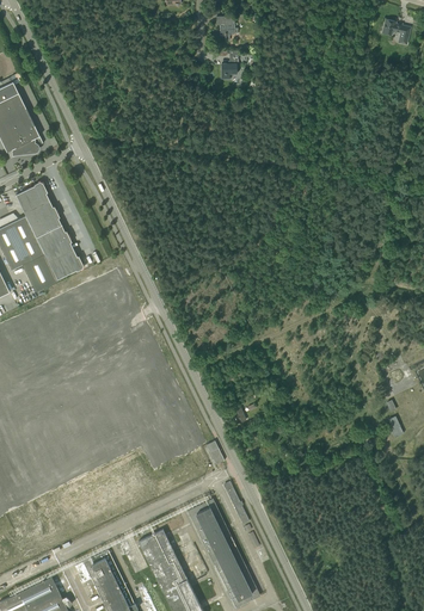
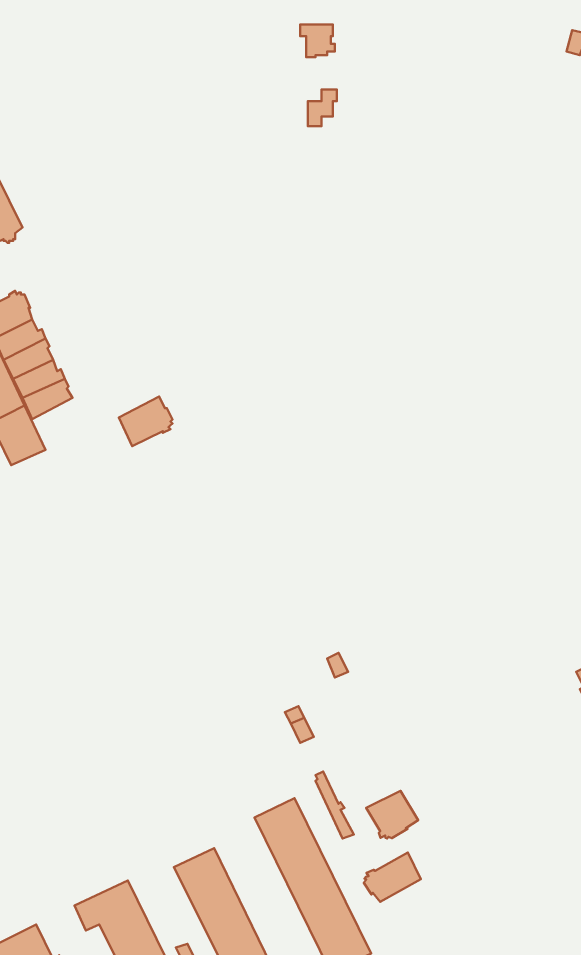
building: [49,249,82,280] -> [119,397,172,446]
building: none -> [366,791,418,838]
building: none -> [364,853,421,902]

